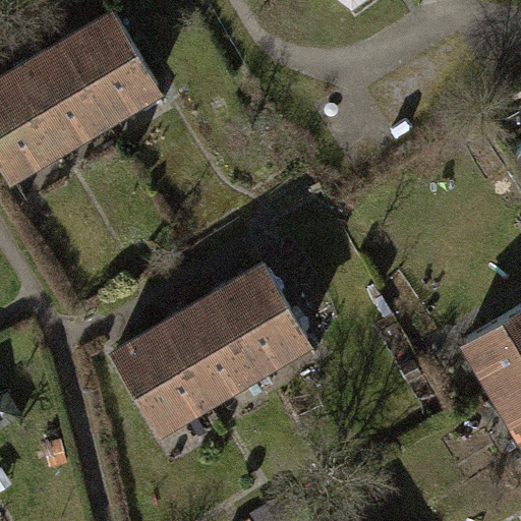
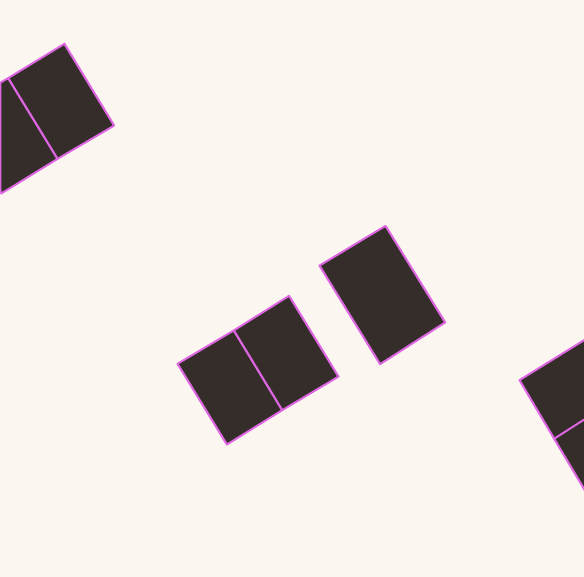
building: [61,19,155,121] -> none
building: none -> [319,226,445,364]
building: [112,332,205,432] -> none

